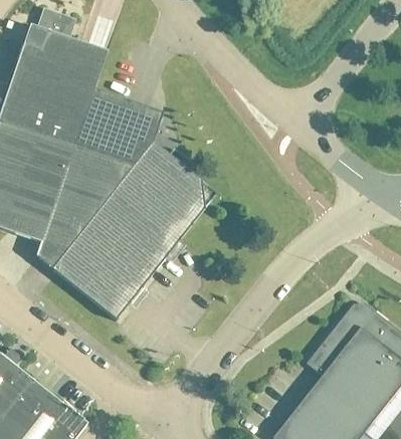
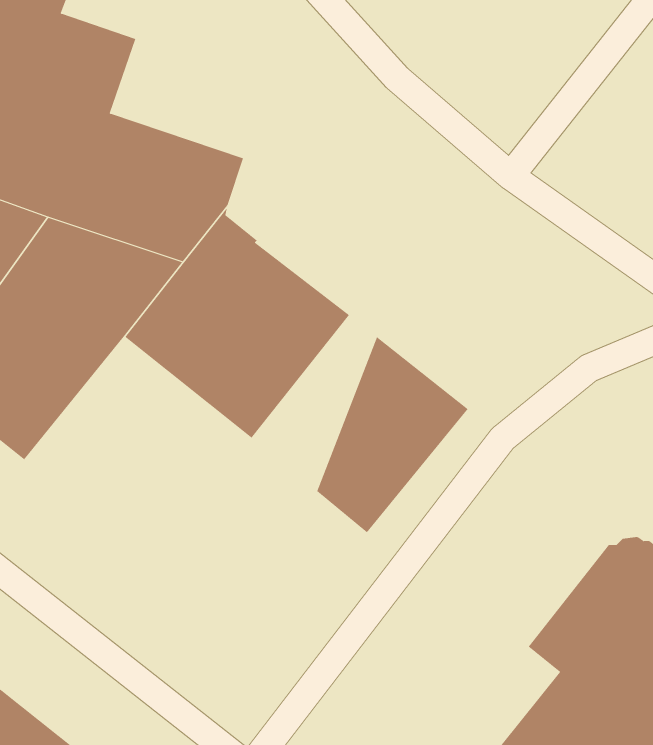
building: none -> [317,336,468,533]
building: [49,204,166,319] -> none

